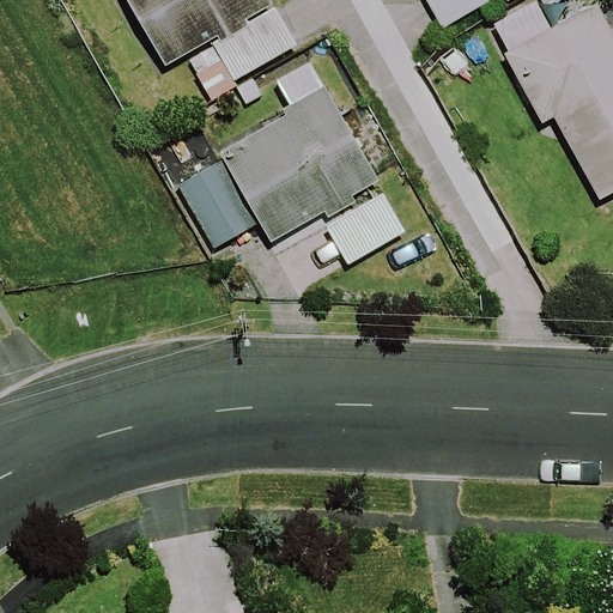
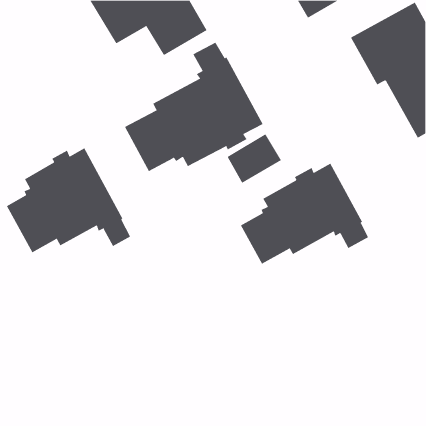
building: none -> [6,147,131,253]
building: none -> [240,163,369,264]

